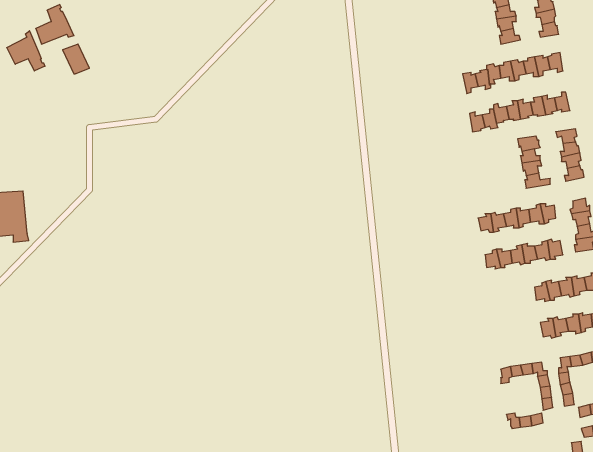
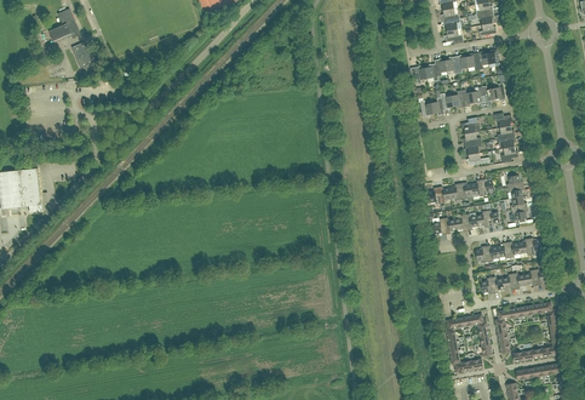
building: [7,31,45,71] -> none

